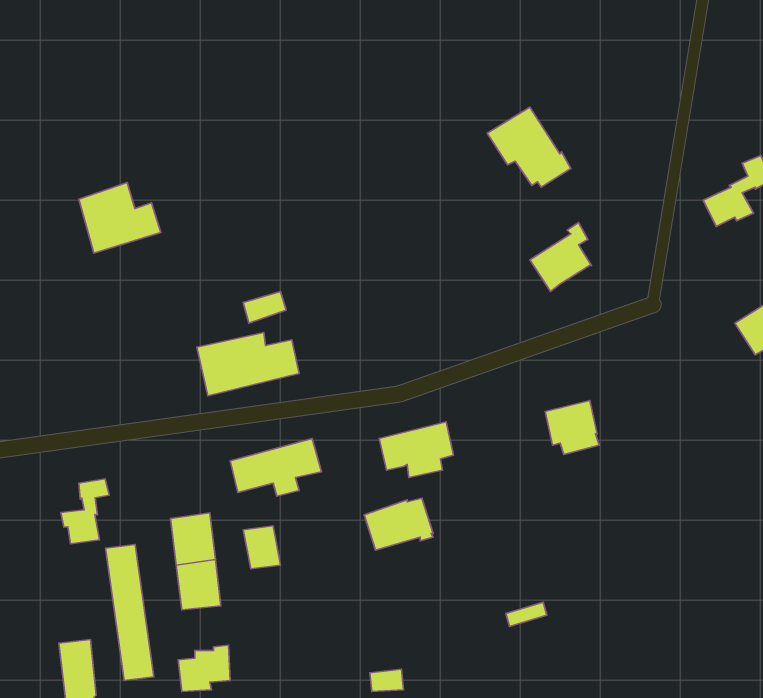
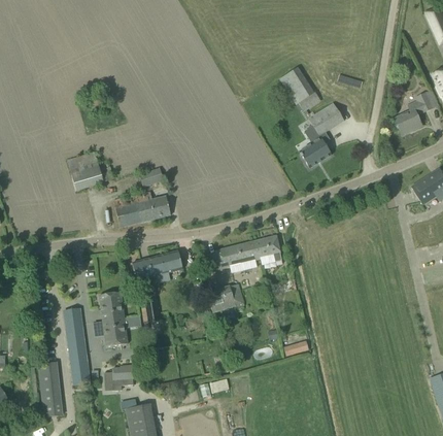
building: none -> [308,102,343,135]
building: [79,182,161,253] -> [67,150,112,190]
building: [545,400,599,454] -> [251,235,281,265]
building: [61,479,109,544] -> none

